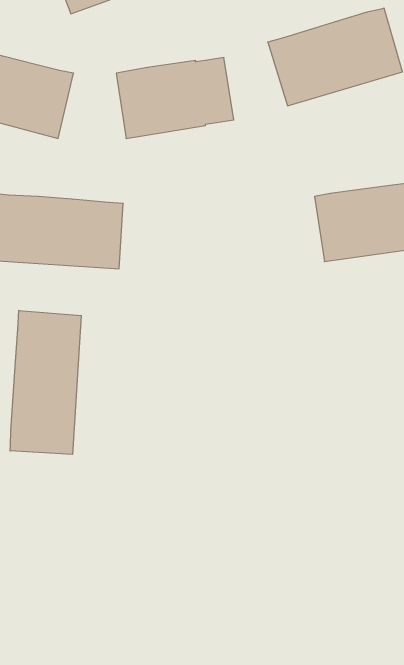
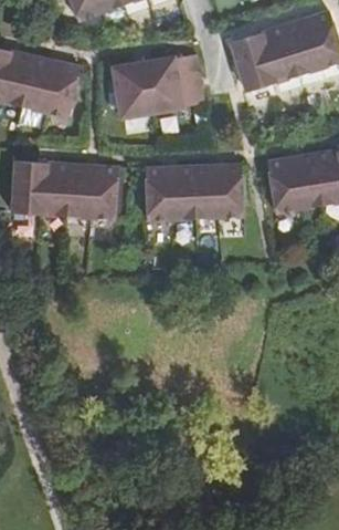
building: none -> [145,164,244,219]
building: [10,310,81,454] -> none

